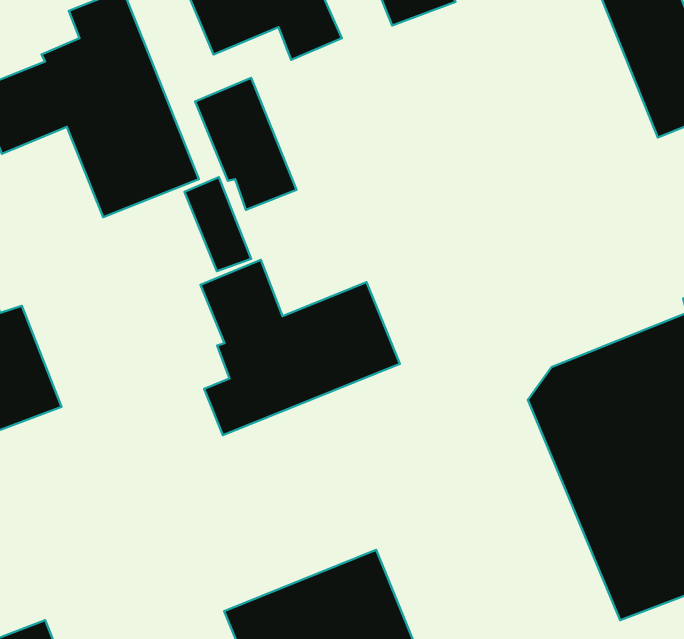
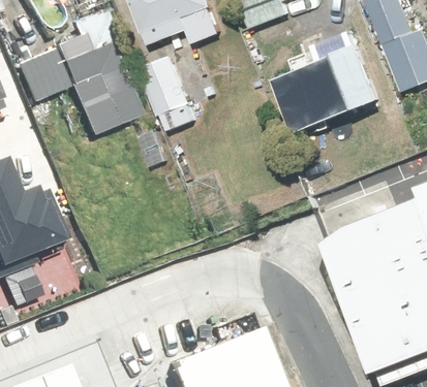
building: none -> [280,29,391,135]
building: [201,260,400,435] -> none

